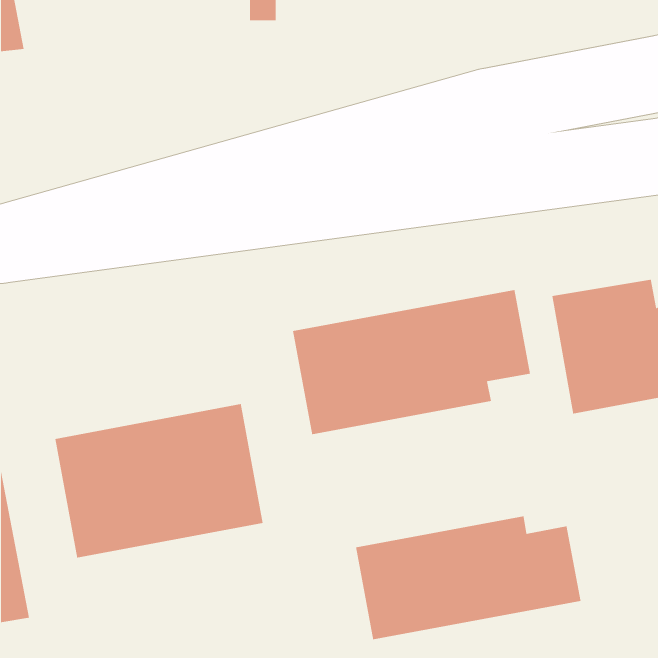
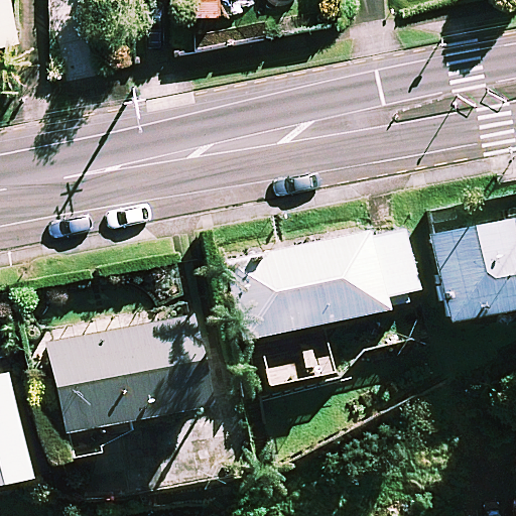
building: [356,516,581,640] -> none

